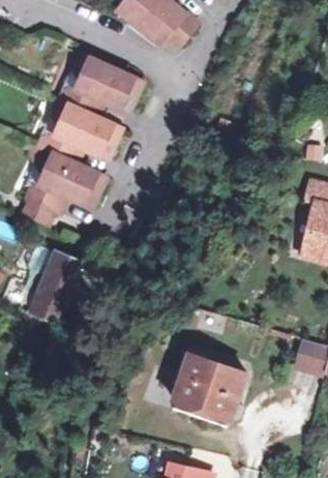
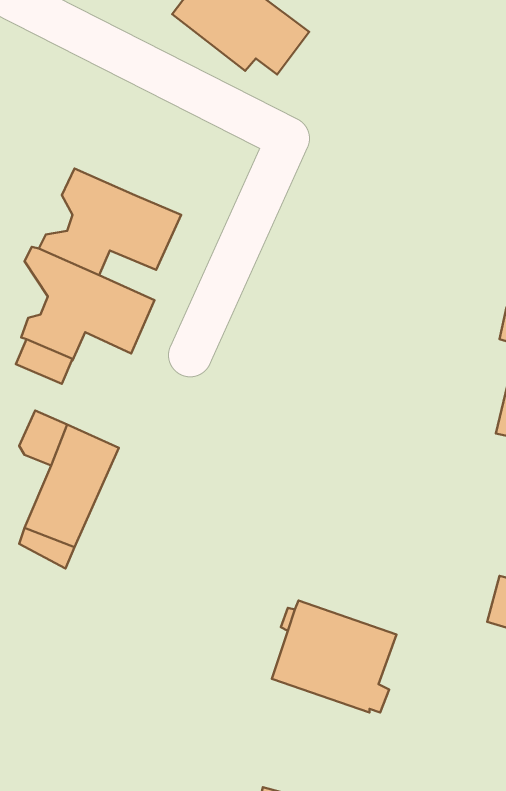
building: [60,56,142,117] -> none

